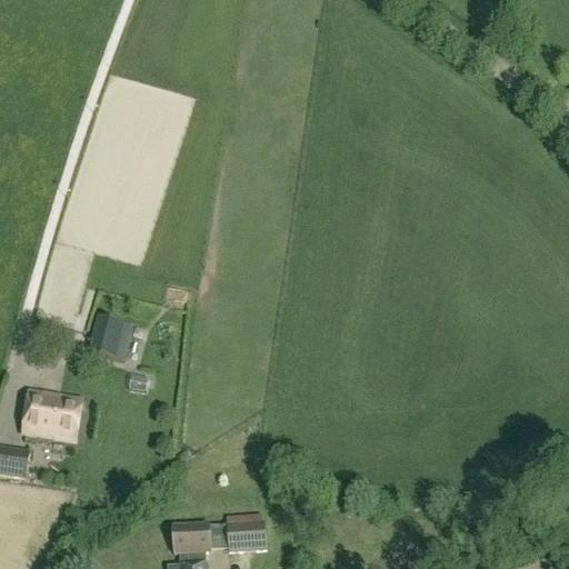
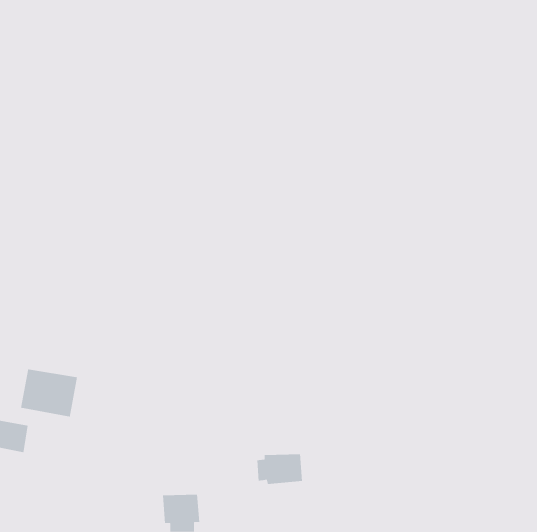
building: [87,313,134,360] -> none
building: [218,519,267,551] -> [257,454,303,484]

